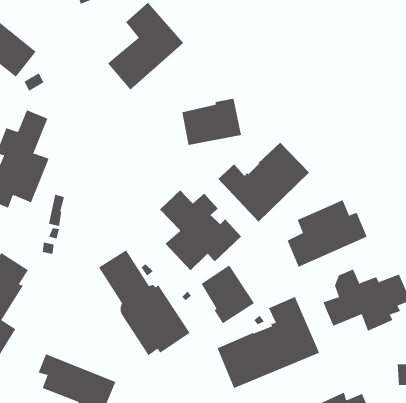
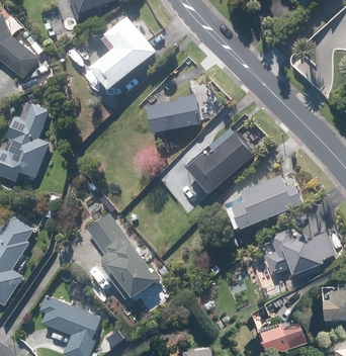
building: [159,190,242,271] -> none
building: [201,265,255,324] -> none
building: [217,296,320,389] -> none

